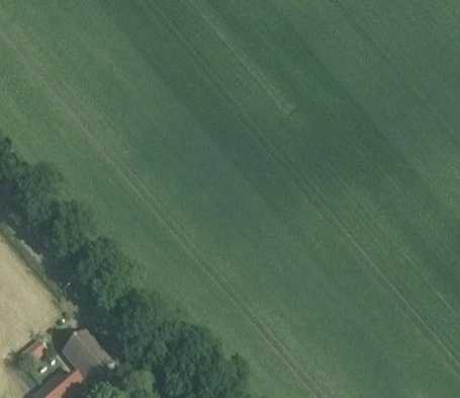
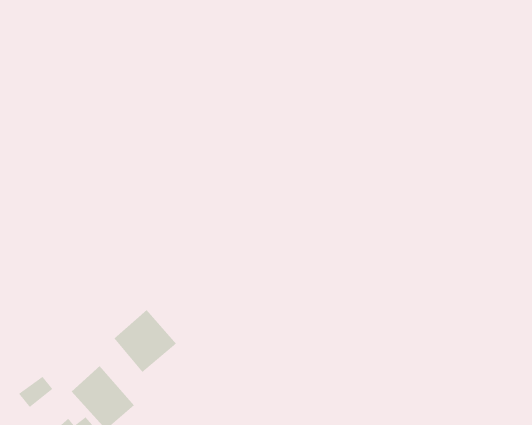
building: none -> [113,309,177,373]

